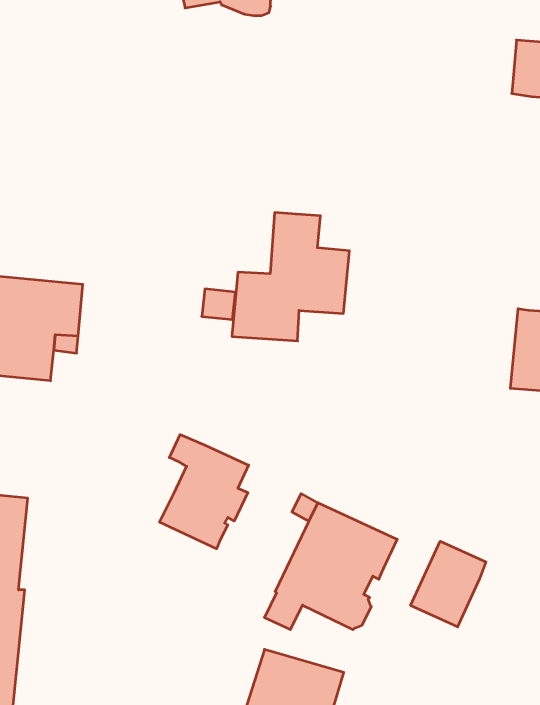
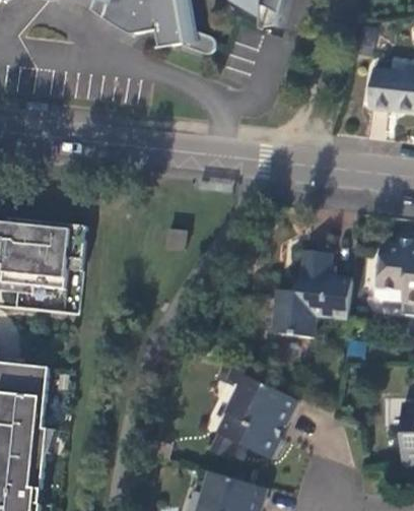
building: [232,213,349,341] -> [270,251,348,336]
building: [160,435,249,549] -> none
building: [411,541,486,627] -> none

